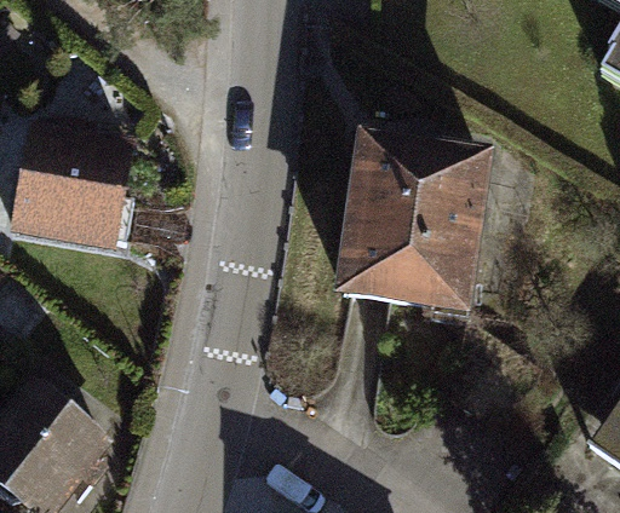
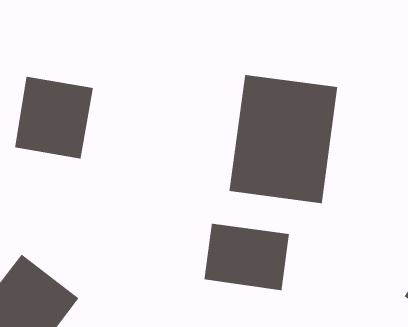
building: none -> [203,223,290,291]

